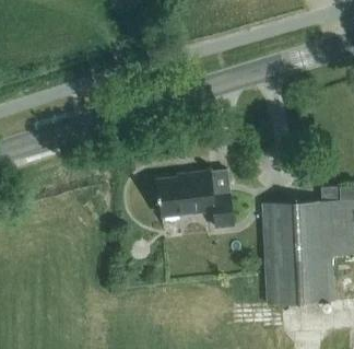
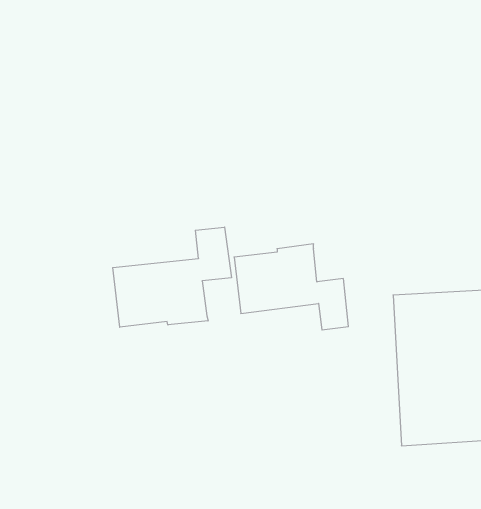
building: none -> [113,227,231,327]

